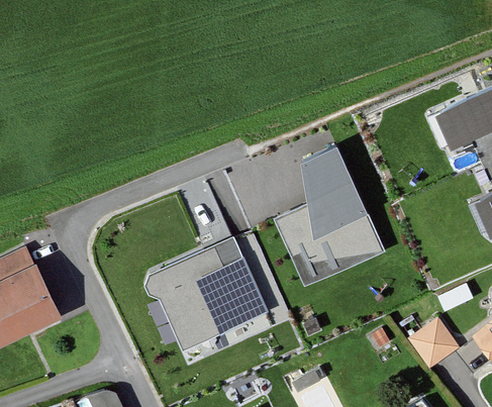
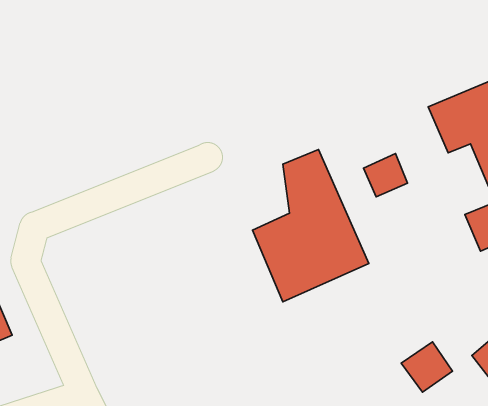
building: none -> [363,154,408,197]
building: [151,240,265,348] -> none

